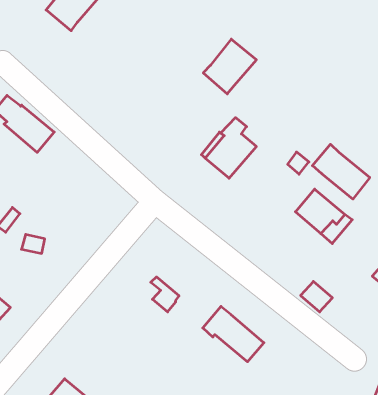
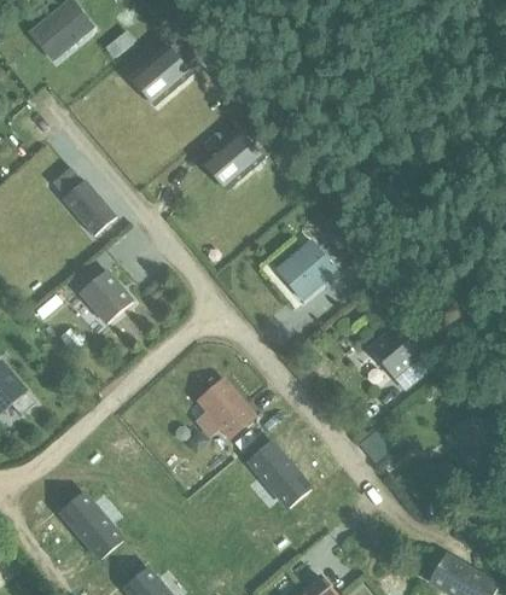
building: [203,39,256,94] -> [200,130,262,191]
building: [312,144,370,199] -> none
building: none -> [78,270,132,323]
building: none -> [202,379,254,437]

